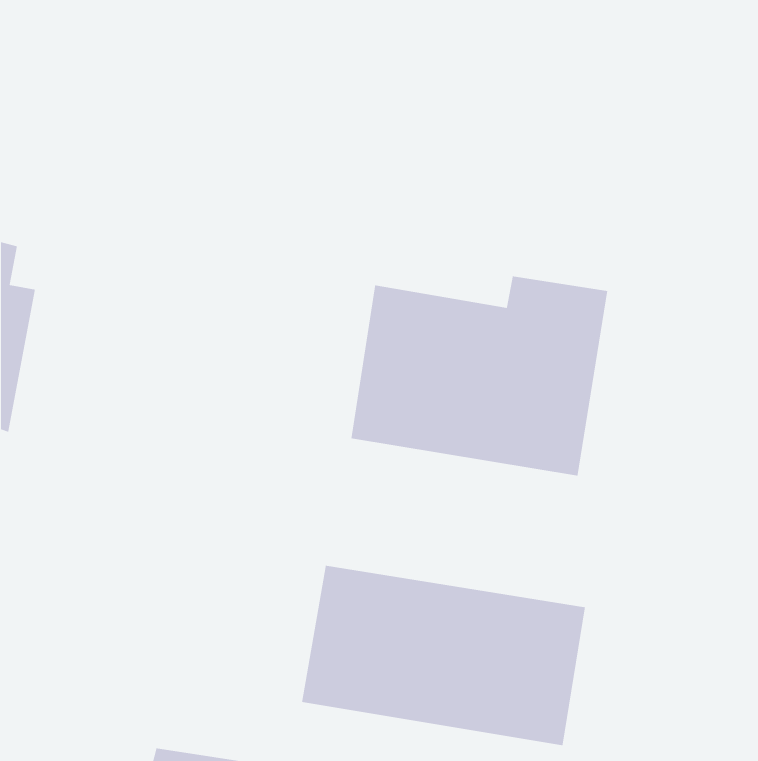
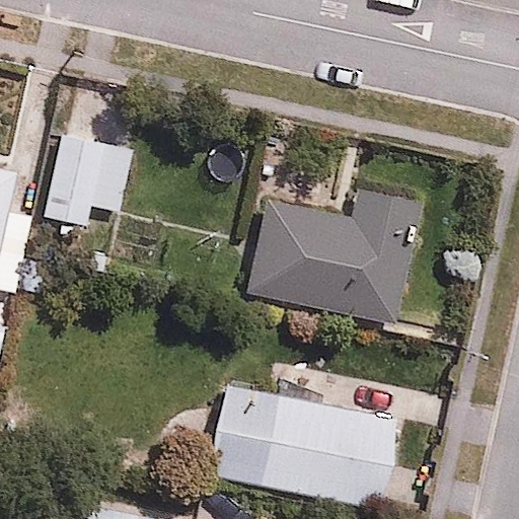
building: none -> [40,134,135,231]

